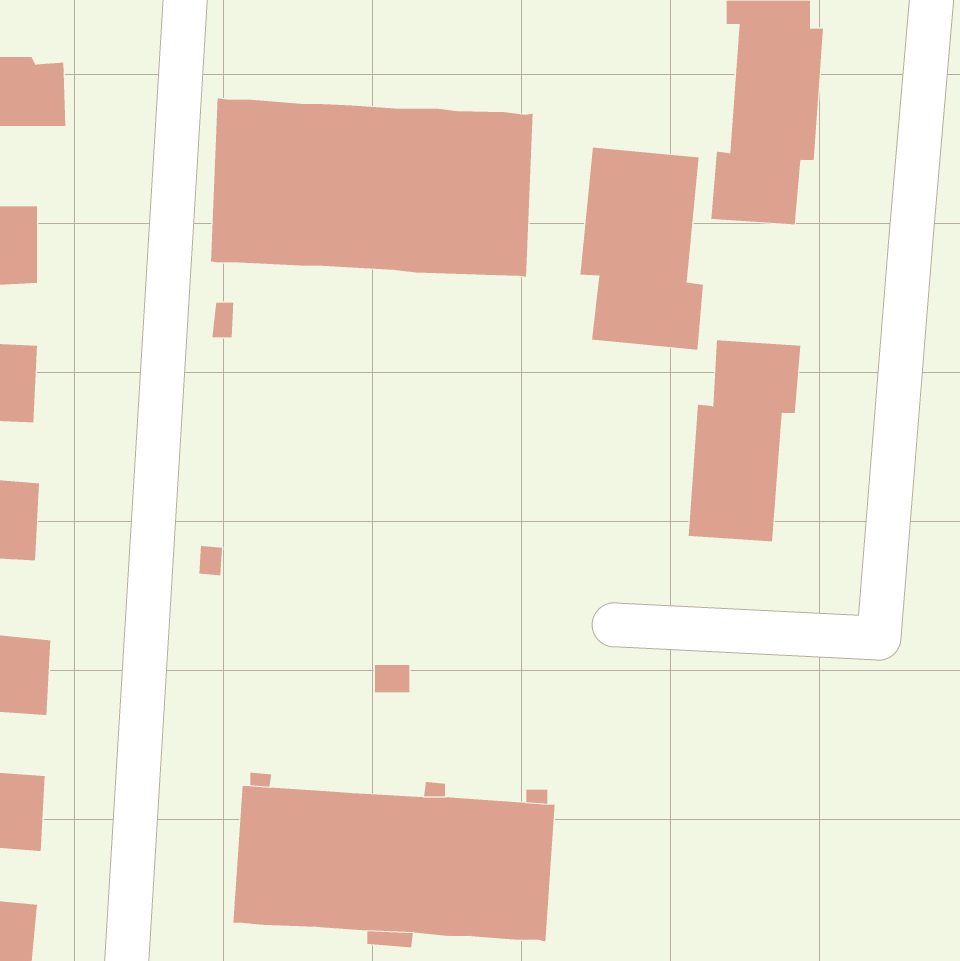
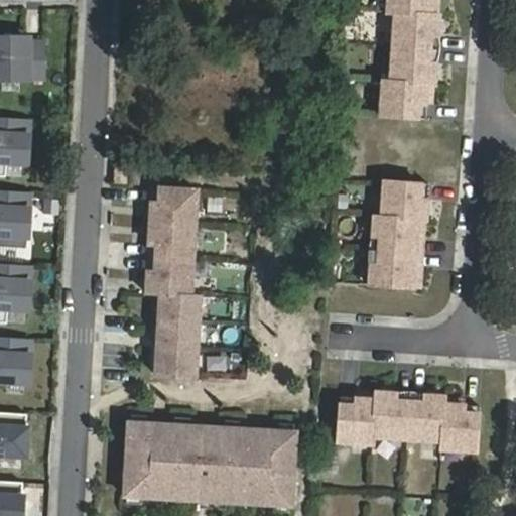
building: [210,98,533,277] -> none
building: [580,147,703,351] -> none
building: none -> [145,186,200,376]
building: none -> [337,394,479,454]

